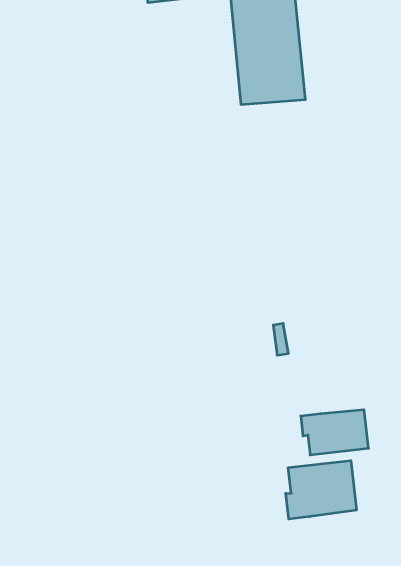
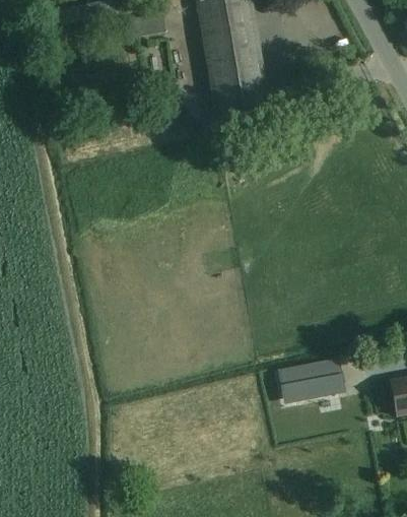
building: [286,461,356,519] -> none

